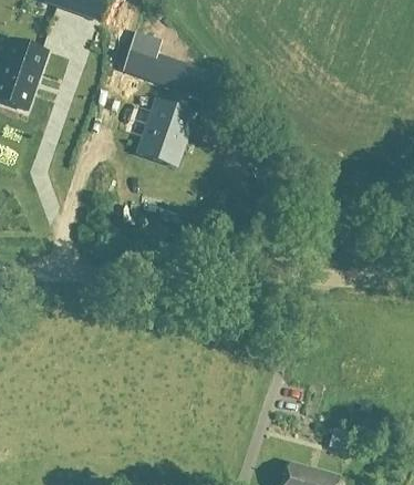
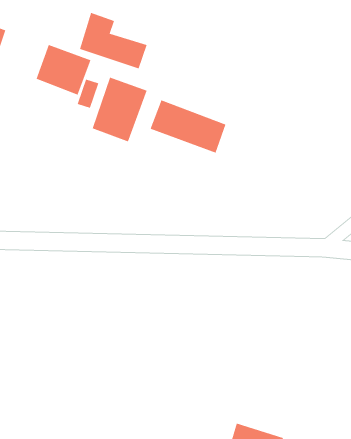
building: none -> [36,44,91,96]
building: none -> [150,99,226,153]

